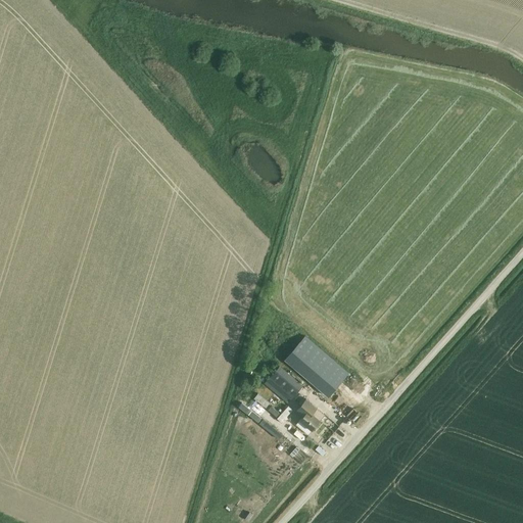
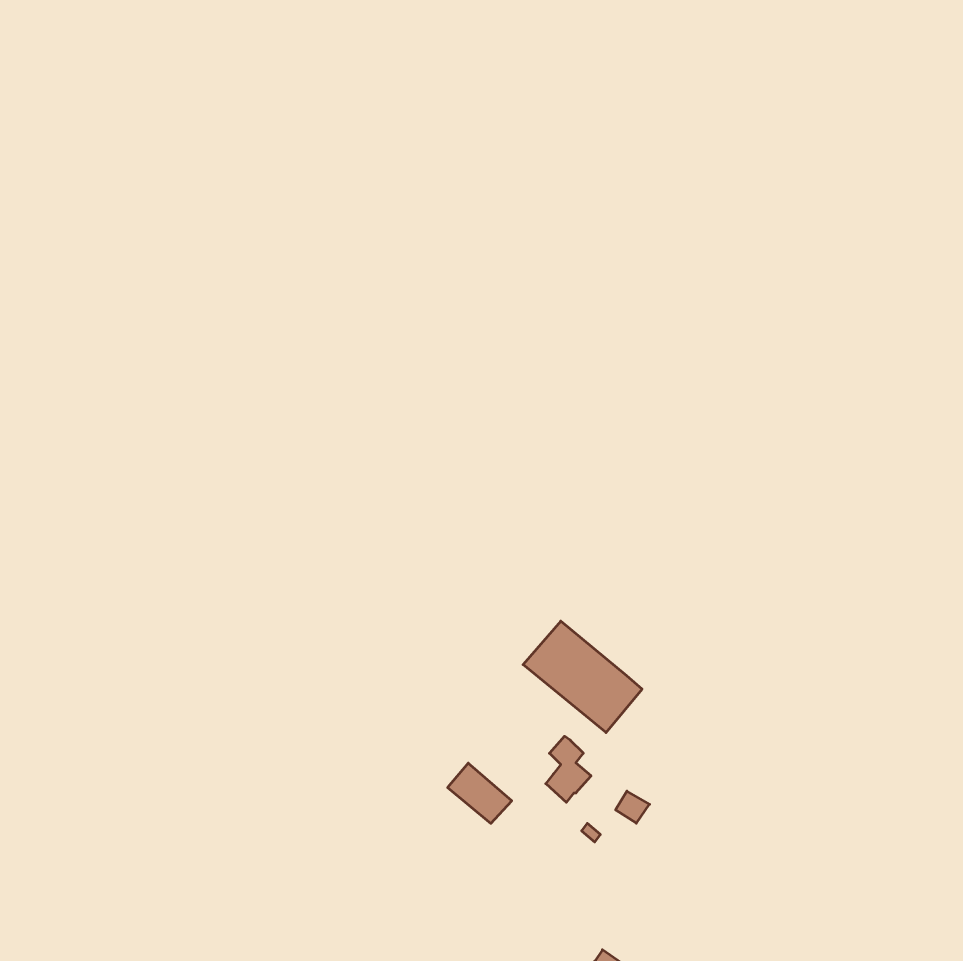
building: [268,367,302,399] -> [448,763,512,823]

